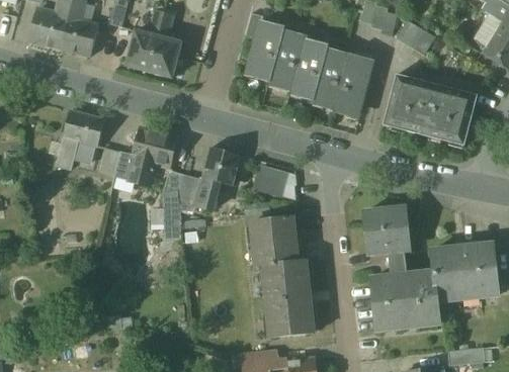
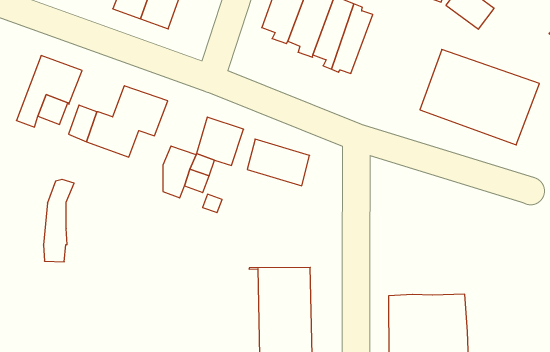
building: [323,51,372,115] -> none
building: [163,171,183,239] -> [43,179,74,262]
building: [363,206,410,275] -> none
building: [251,216,306,266] -> none
building: [430,244,499,301] -> none

